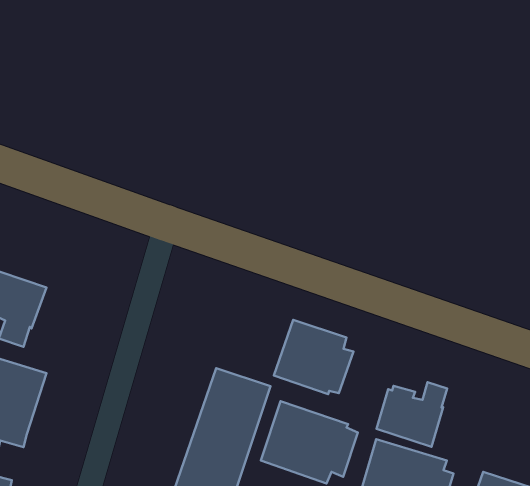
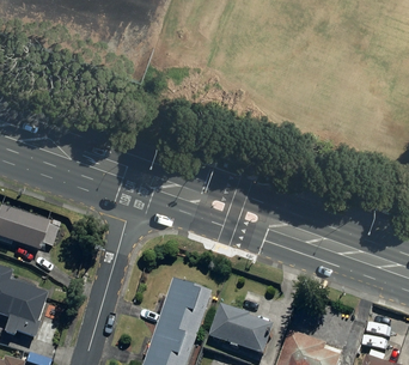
building: [274,320,353,394] -> none
building: [377,382,447,447] -> none

